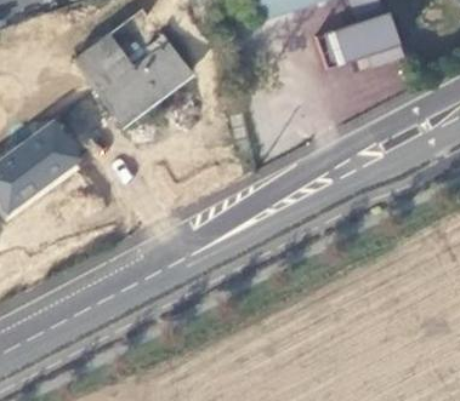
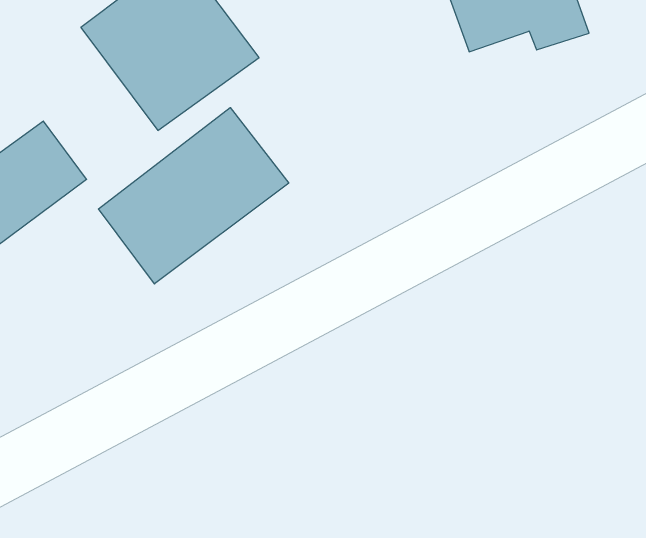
building: none -> [98,108,289,284]

